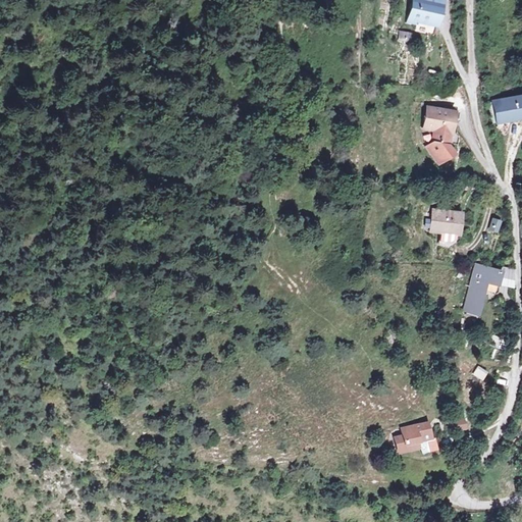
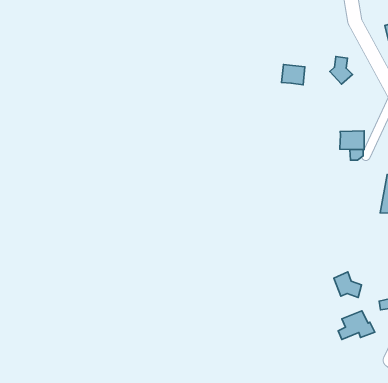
building: [427,103,457,129] -> [281,65,305,85]
building: none -> [334,272,361,298]

